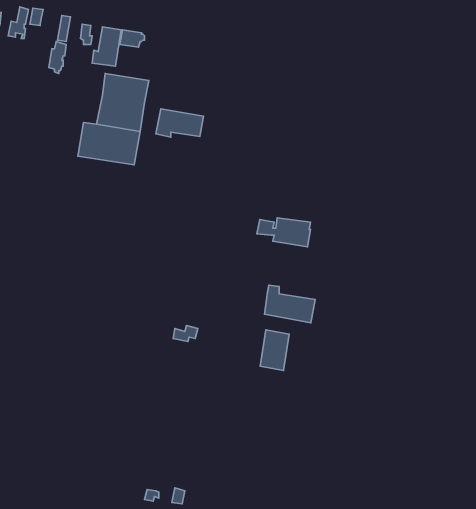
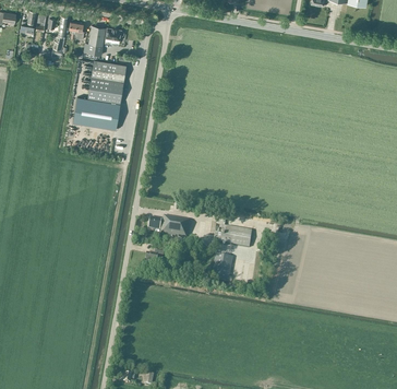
building: [156,109,204,137] -> none
building: [257,218,310,247] -> [148,215,189,237]

